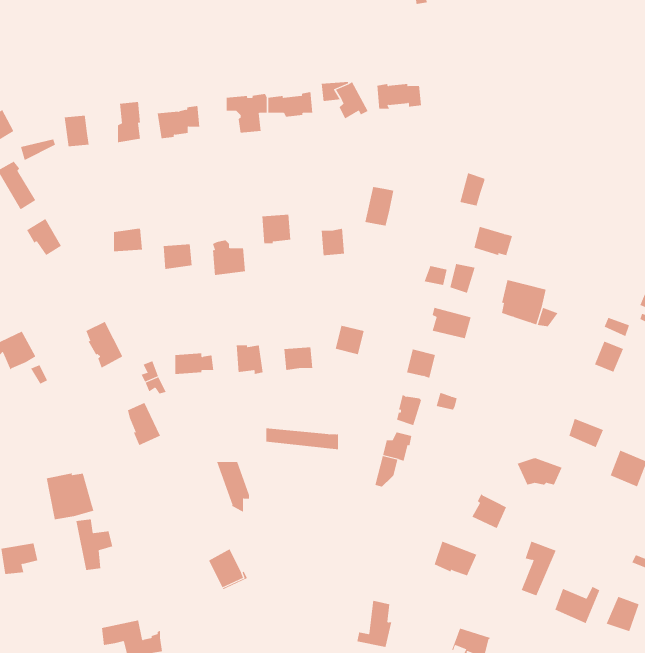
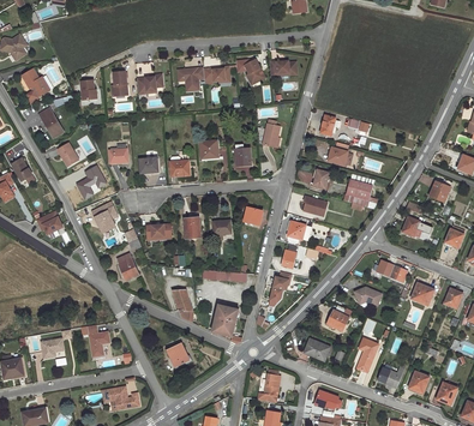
building: none -> [76,164,106,198]
building: [46,473,94,520] -> none
building: none -> [211,304,238,336]

